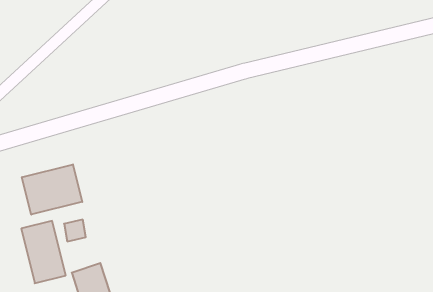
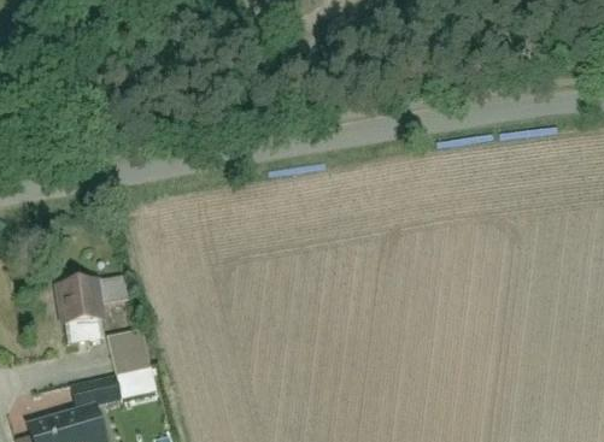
building: [22,164,82,215] -> none

